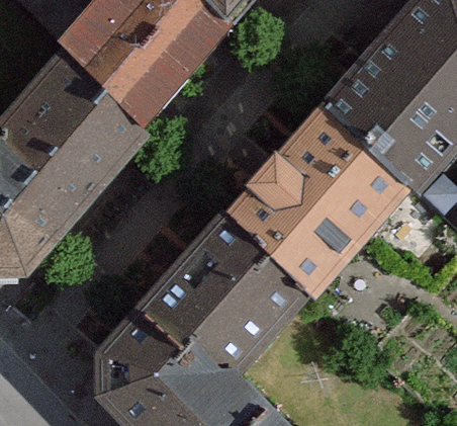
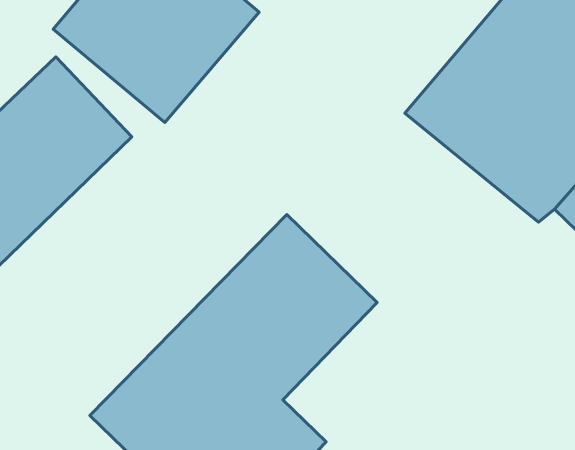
building: [251,132,397,279] -> none

